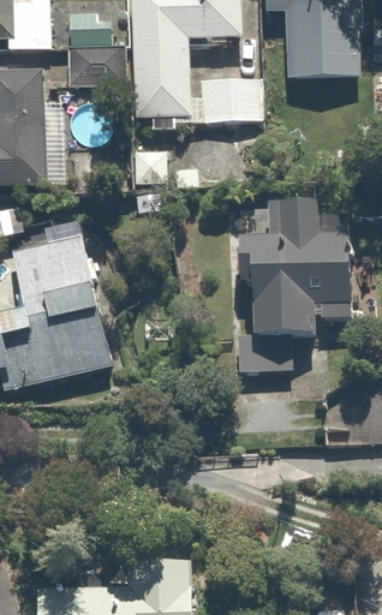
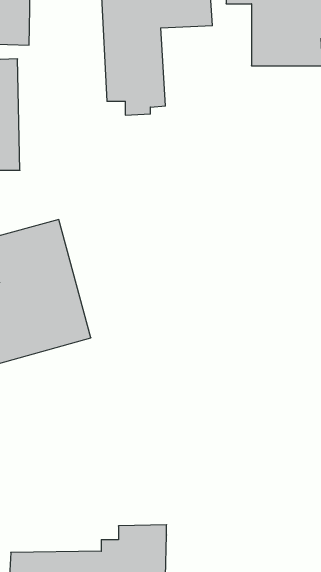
building: [68,24,126,84] -> none
building: [198,78,265,123] -> none
building: [228,198,350,381] -> none

